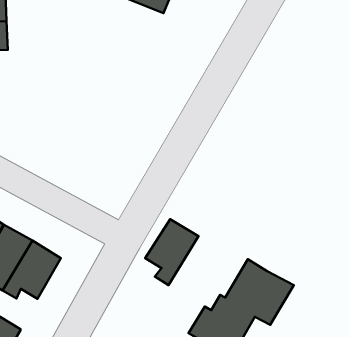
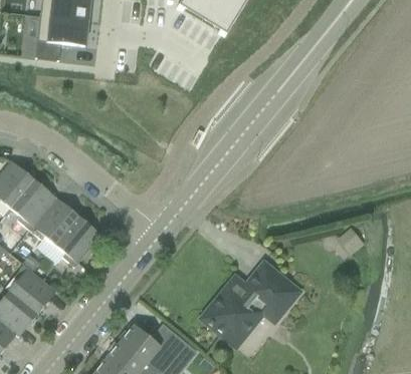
building: [145,219,199,285] -> none

